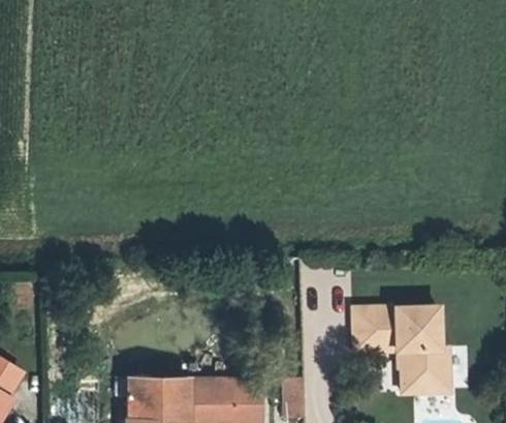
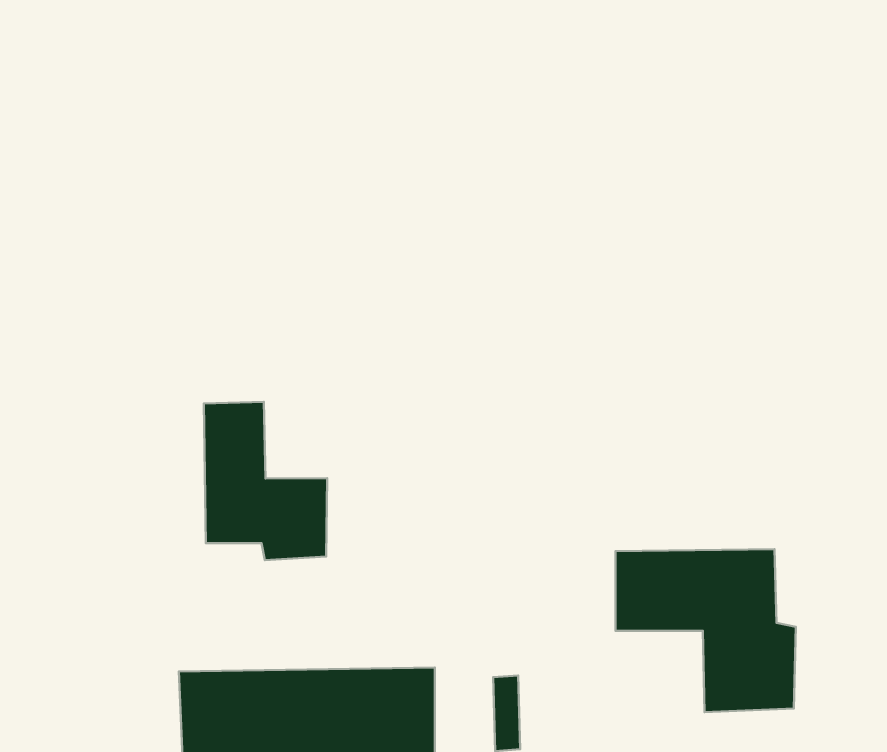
building: none -> [204,402,327,560]

